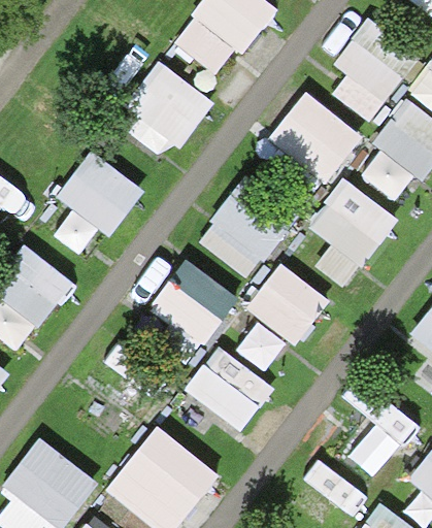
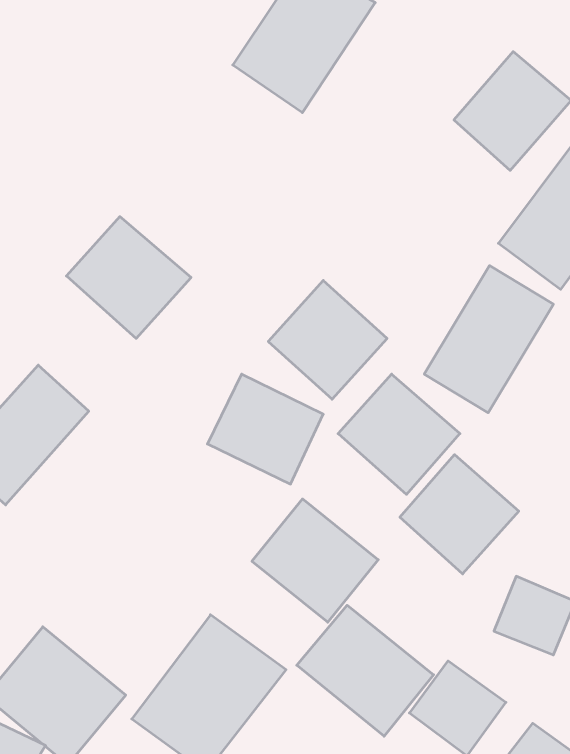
building: [123,65,211,152] -> none
building: [276,92,362,175] -> none
building: none -> [400,455,519,574]
building: none -> [297,605,434,736]

